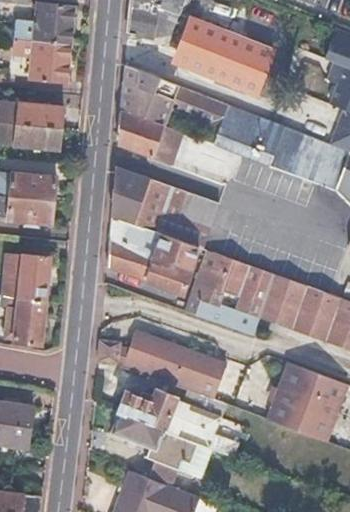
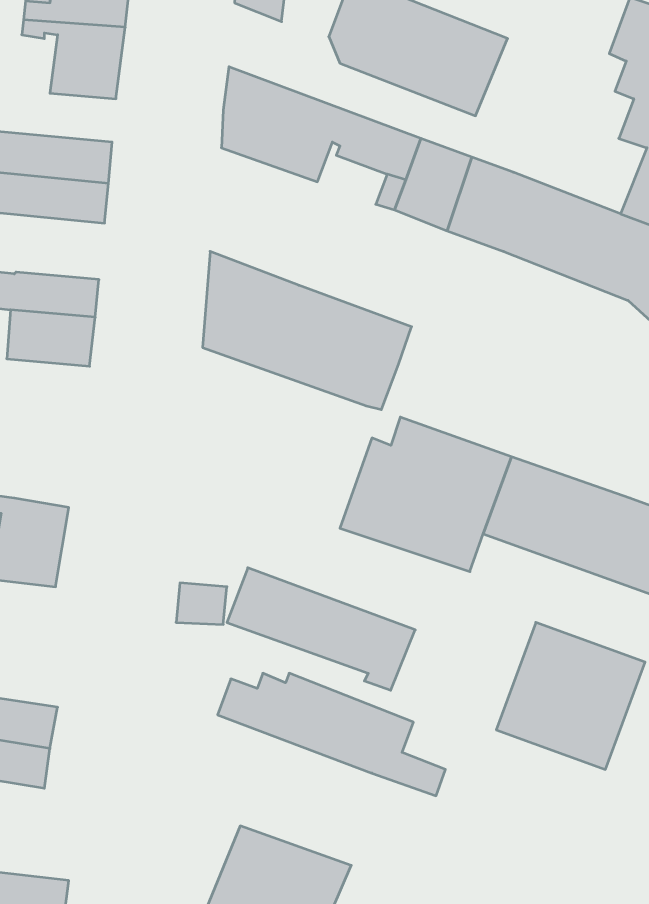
building: [117,109,181,163] -> none
building: [106,215,198,295] -> none
building: [10,251,47,300] -> none
building: [112,410,201,468] -> none

